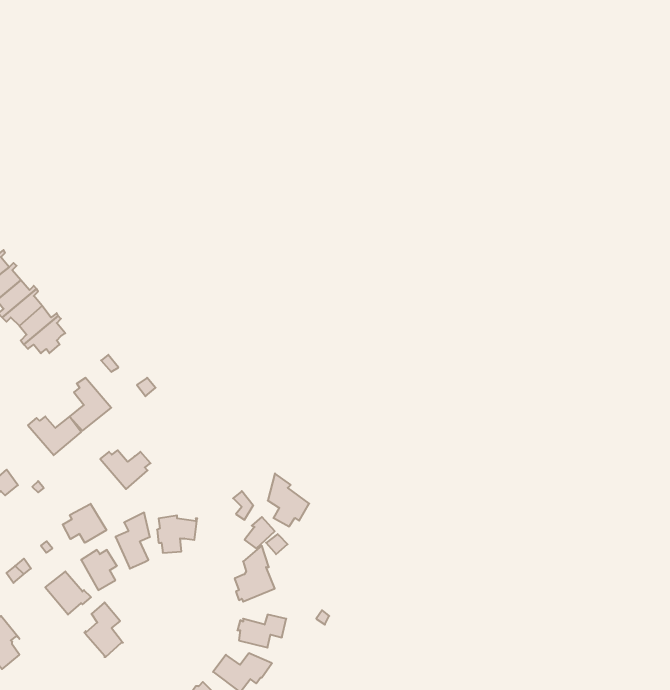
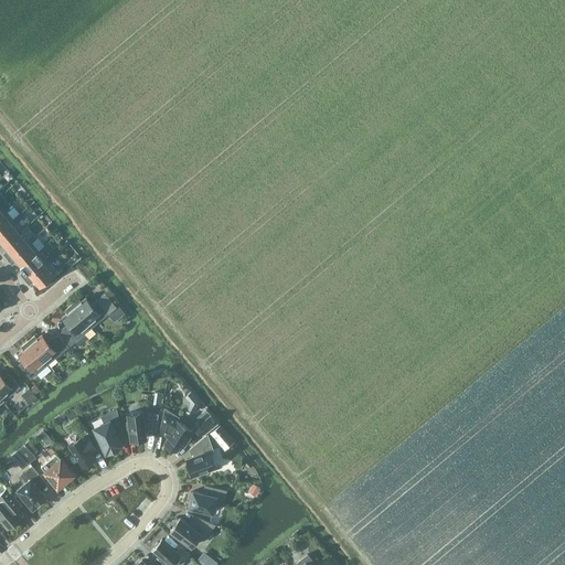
building: none -> [18,343,46,381]
building: [100,450,151,489] -> [71,300,109,330]
building: [268,473,309,526] -> [159,412,191,452]
building: [63,504,106,543] -> none
building: [84,602,123,657] -> [15,468,45,510]

